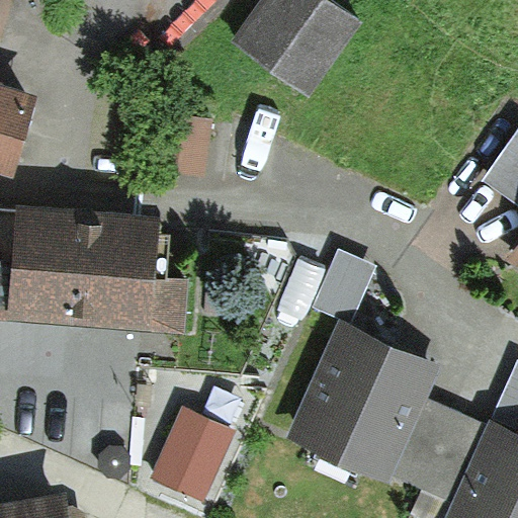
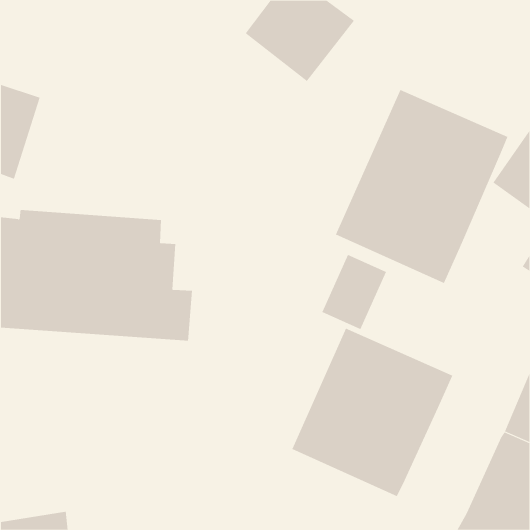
building: none -> [335,89,508,284]
building: [394,398,489,501] -> none
building: [148,406,235,503] -> none

